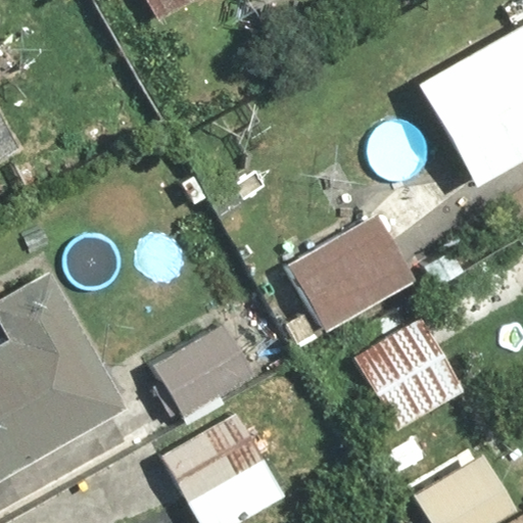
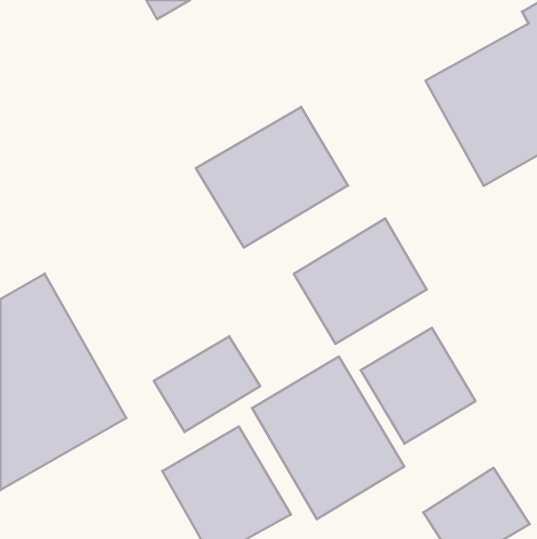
building: none -> [196,107,348,247]
building: none -> [252,357,404,519]

